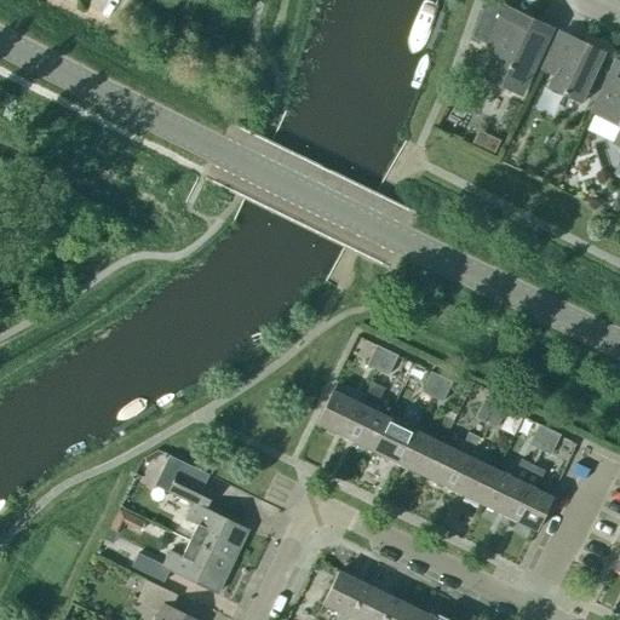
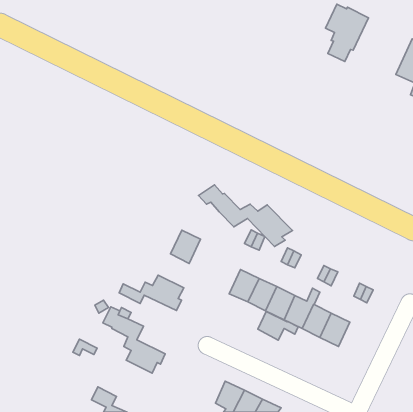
building: [544,31,607,102] -> none
building: none -> [198,185,292,246]
building: [316,390,361,440] -> [170,230,200,263]
building: none -> [258,311,298,340]
building: [507,482,552,532] -> none
building: [132,539,229,592] -> [119,275,184,311]

